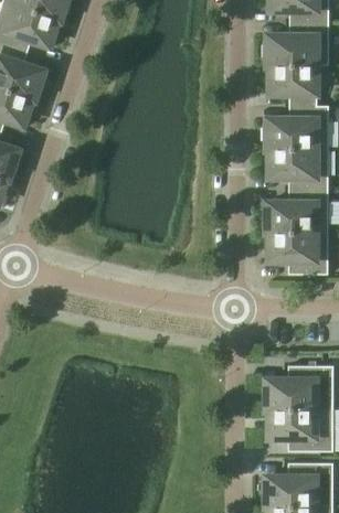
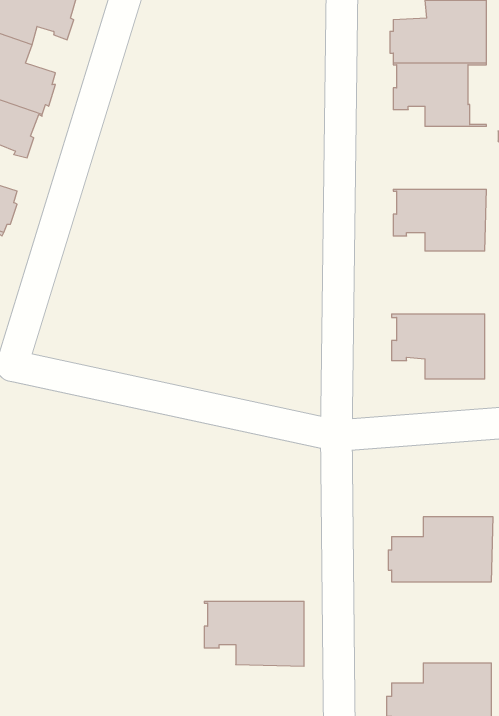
building: [264,106,329,148] -> none
building: [264,189,328,231] -> none
building: [266,408,332,451] -> [204,601,304,666]

